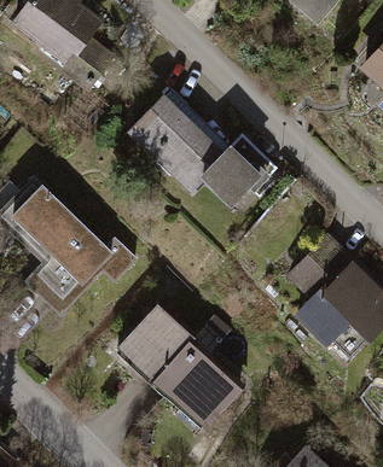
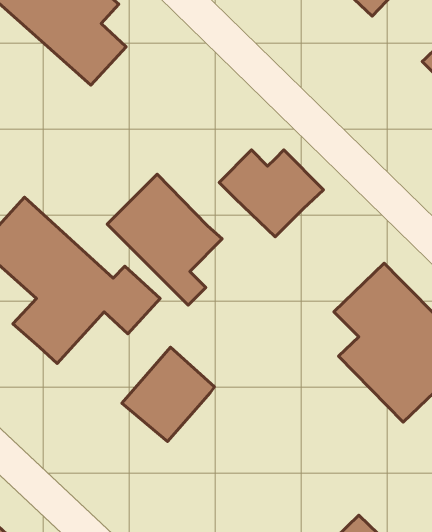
building: [124,87,219,194] -> [107,174,222,305]
building: [150,339,240,427] -> none

